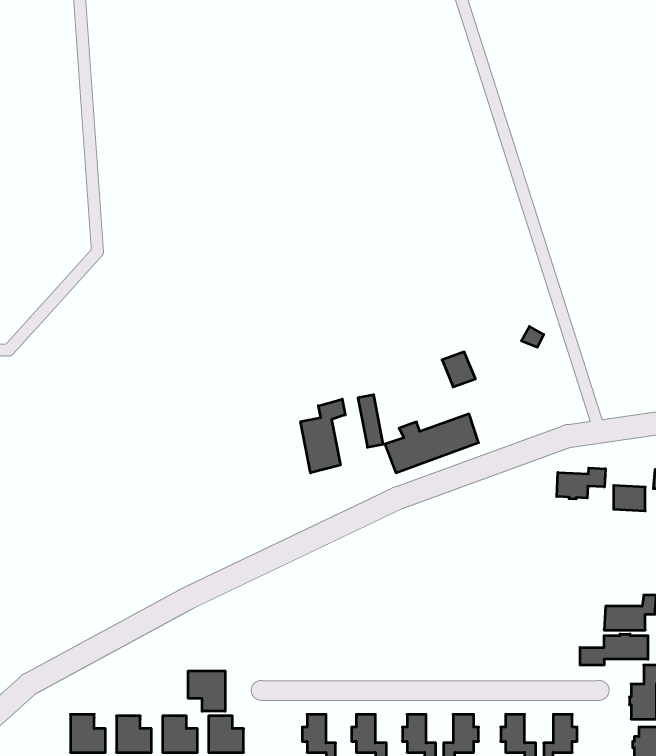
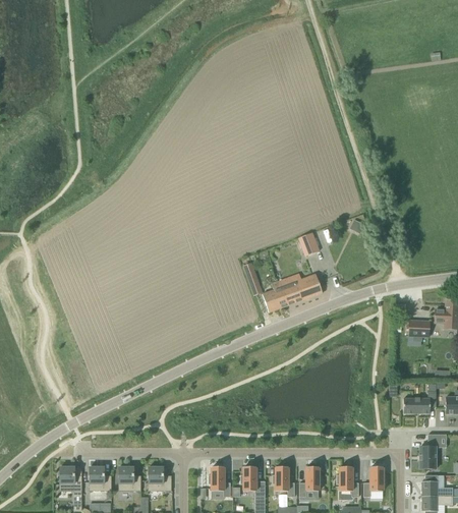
building: [301,399,345,473] -> none
building: [557,468,605,499] -> none
building: [580,634,648,665] -> none
building: [188,671,225,711] -> none

